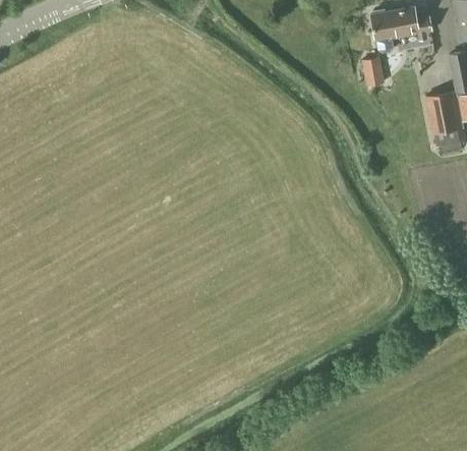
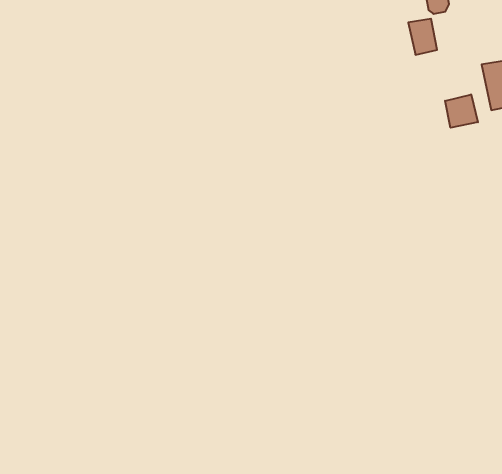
building: none -> [445,94,478,128]

